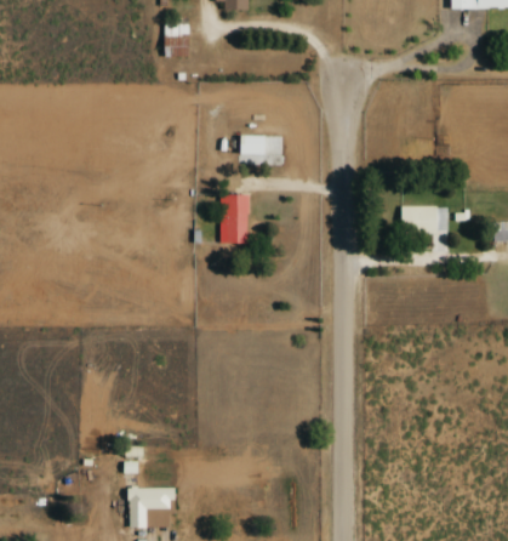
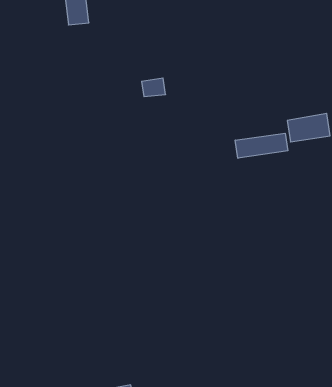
building: [221,194,250,243] -> none
building: none -> [235,133,288,158]

